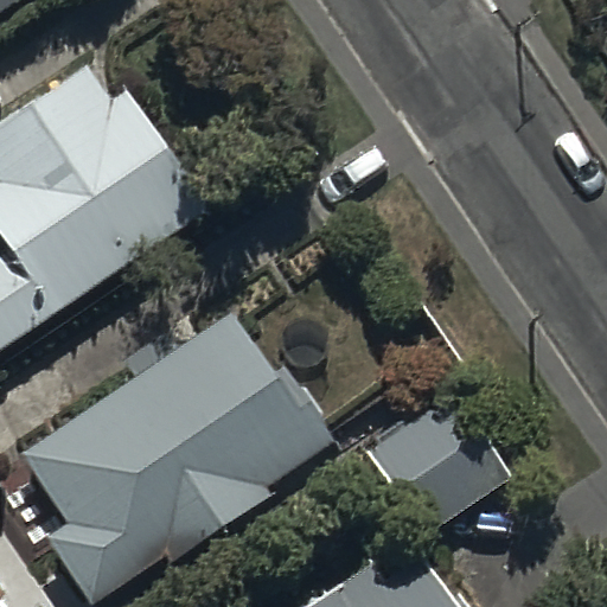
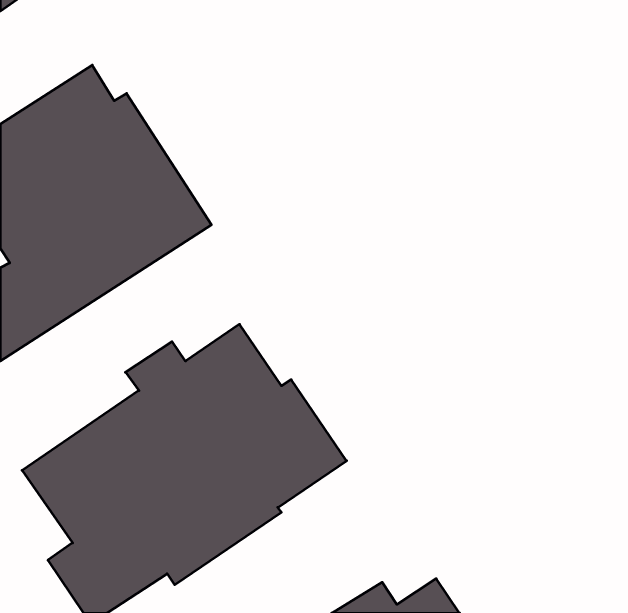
building: [364,388,510,533] -> none

